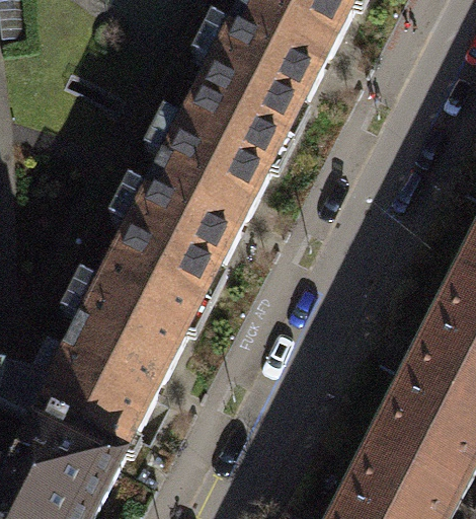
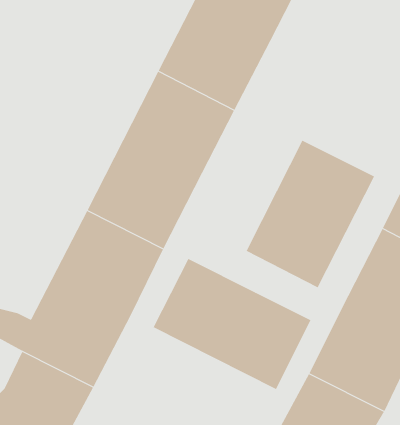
building: none -> [246,140,375,288]
building: none -> [153,258,311,390]

